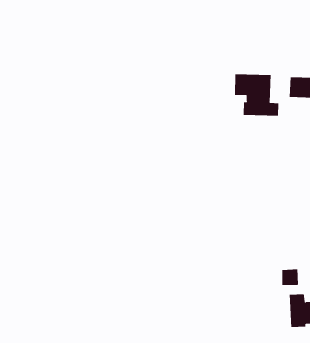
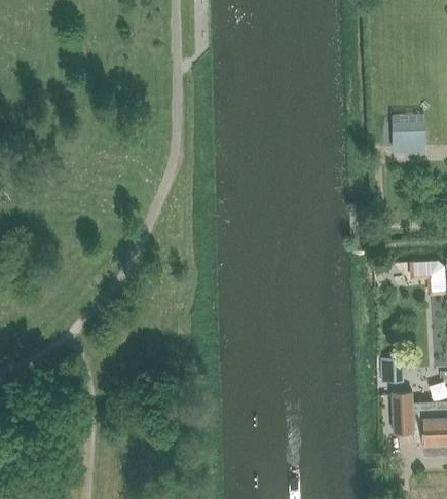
building: [235,73,279,117] -> none

